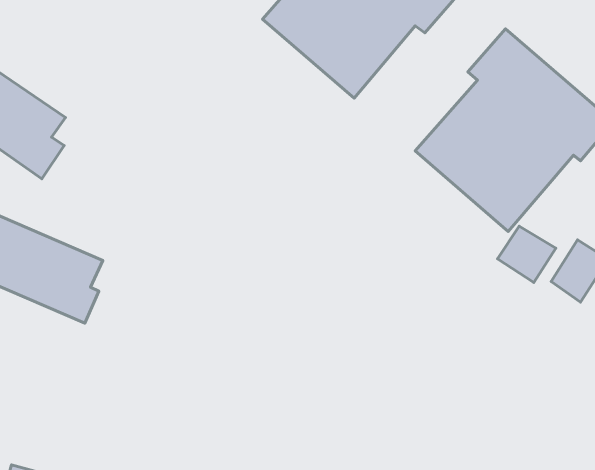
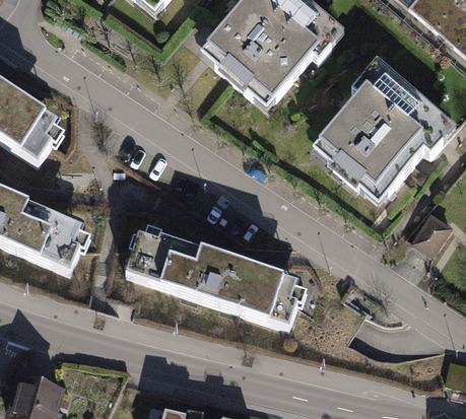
building: [497,226,556,282] -> none
building: none -> [124,233,296,329]

